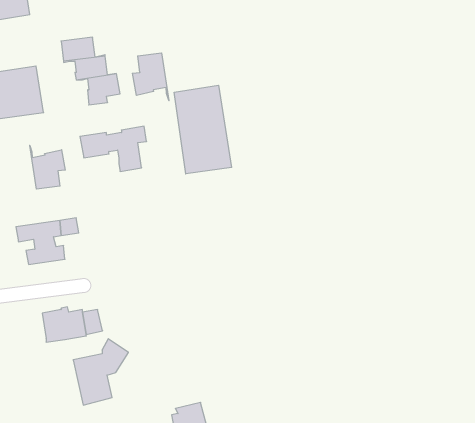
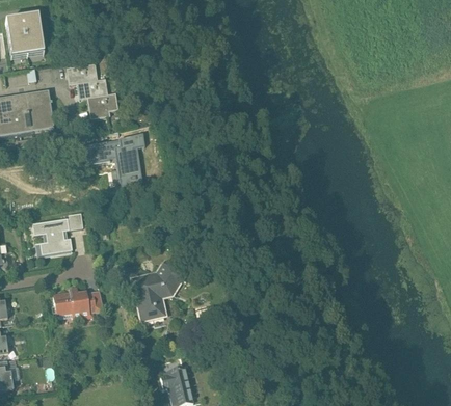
building: [132,53,169,101] -> none
building: [174,85,232,174] -> none
building: [30,145,65,189] -> none
building: [73,339,128,405] -> [132,268,178,323]

